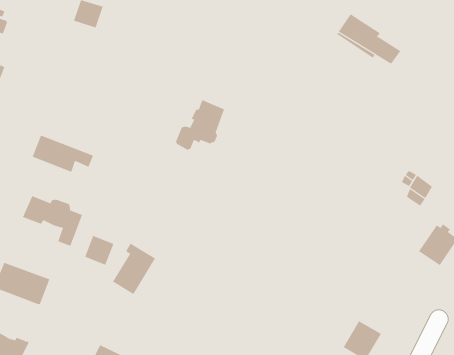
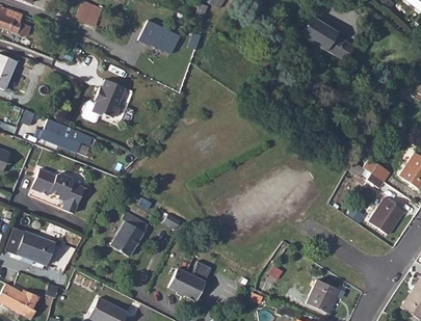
building: none -> [136,20,177,50]
building: [175,99,225,150] -> [82,79,125,123]
building: [84,235,114,266] -> none
building: none -> [170,268,206,299]

